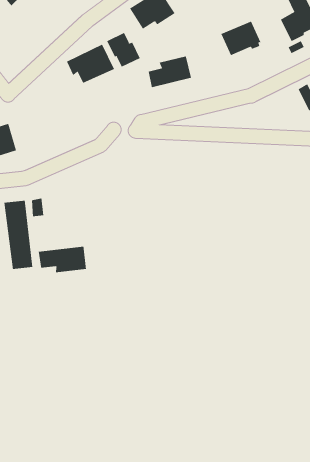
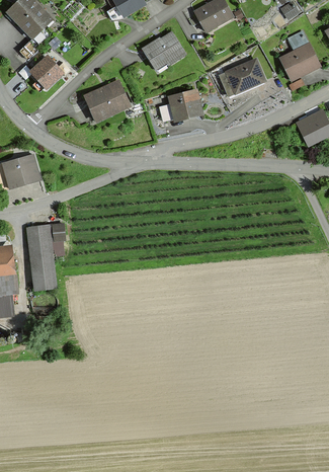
building: none -> [32,58,61,86]
building: [107,32,140,67] -> none
building: [38,246,87,273] -> none

